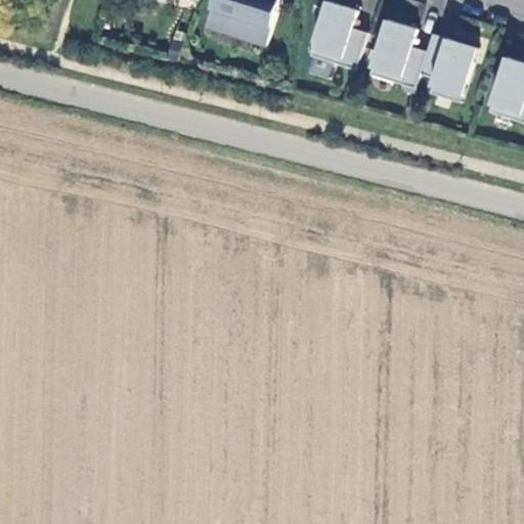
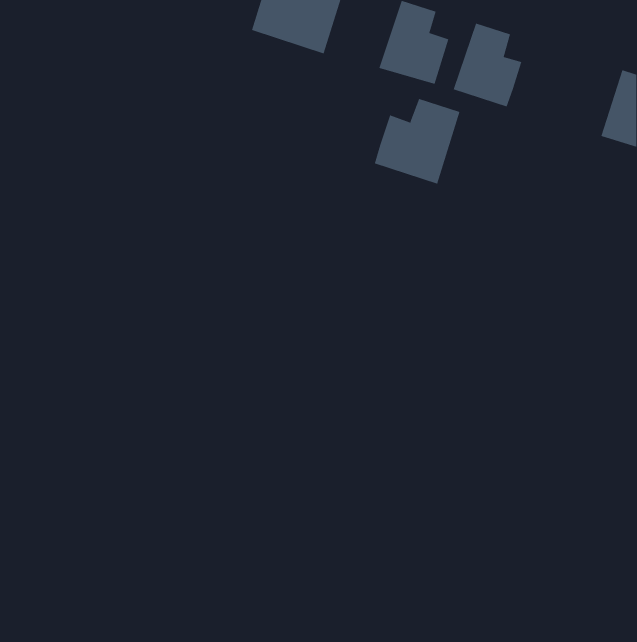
building: [417,34,475,101] -> none
building: none -> [374,98,460,185]

